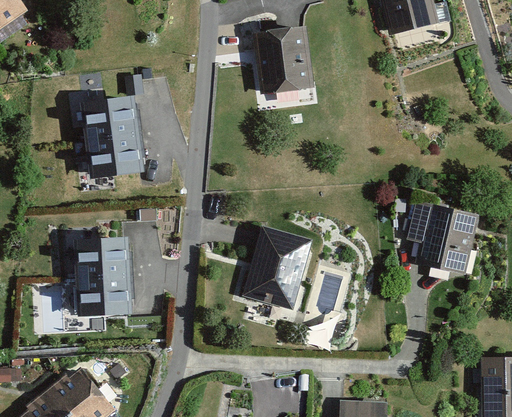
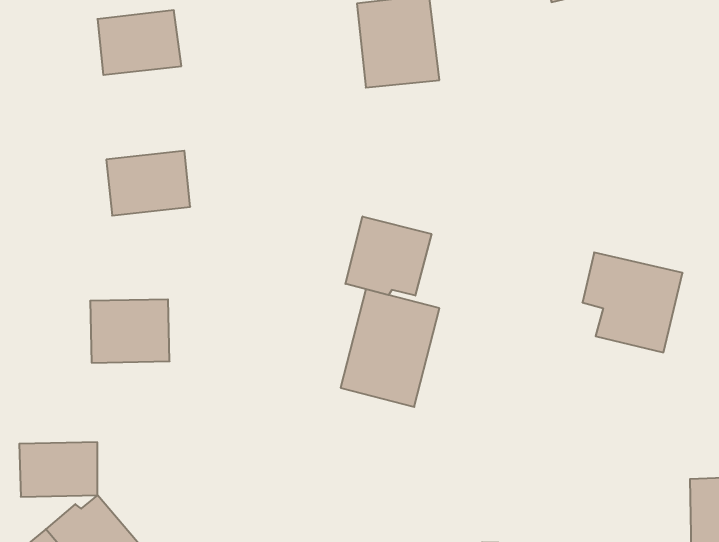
building: [81,96,138,140] -> [97,10,181,75]
building: none -> [345,216,431,296]
building: [75,277,128,314] -> [19,442,97,497]

